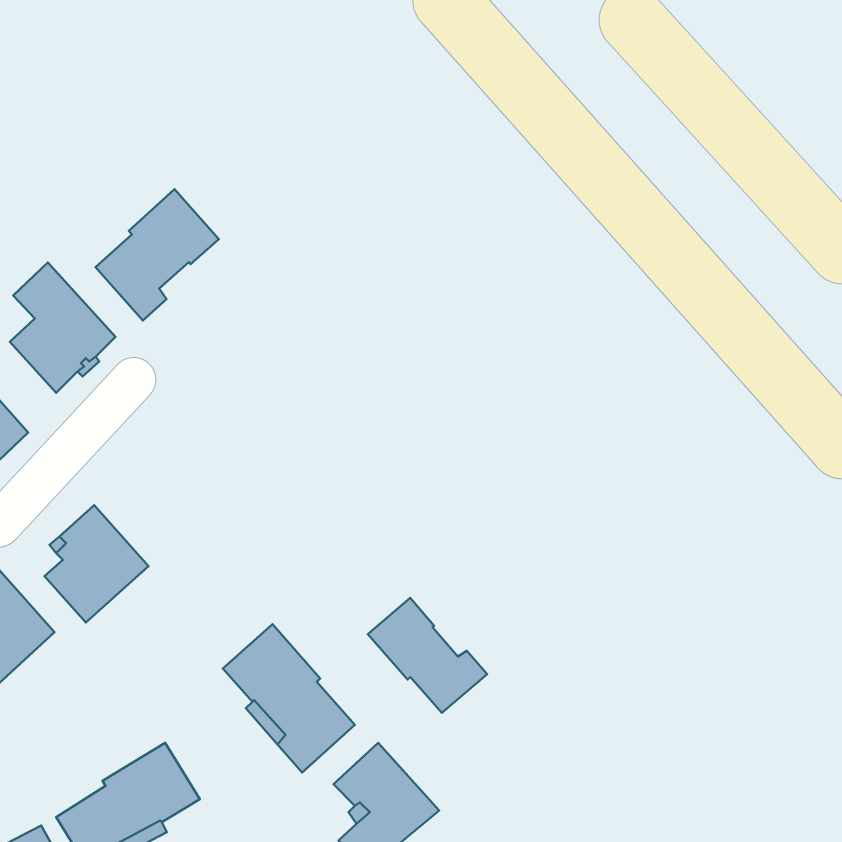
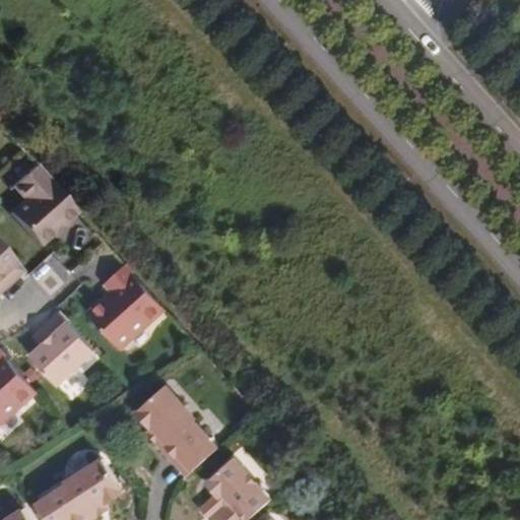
building: [96,189,219,320] -> none
building: none -> [87,263,160,347]
building: [368,598,487,713] -> none

